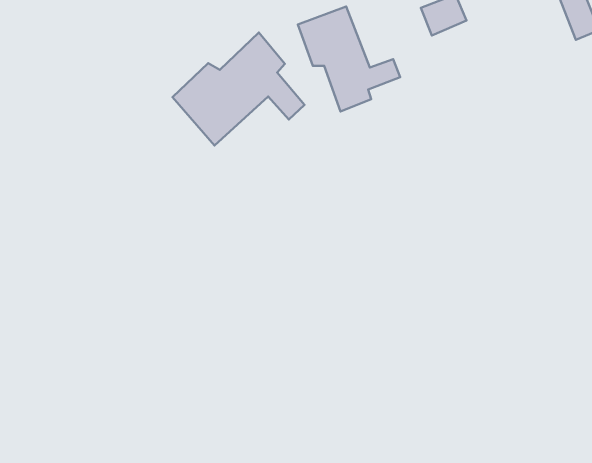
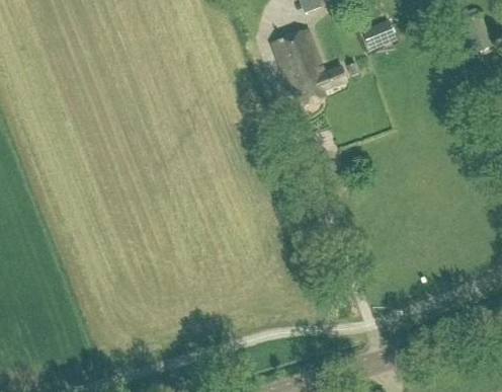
building: [173,32,305,146] -> none

